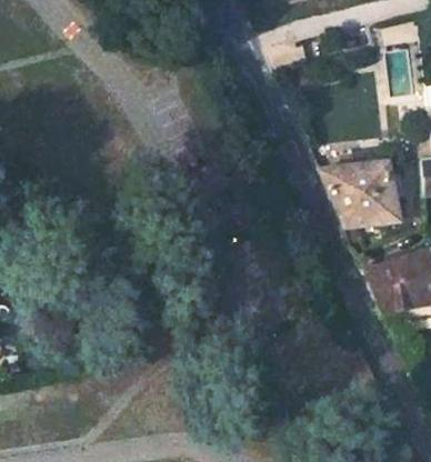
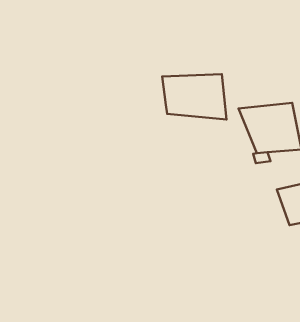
building: none -> [162,74,226,119]

